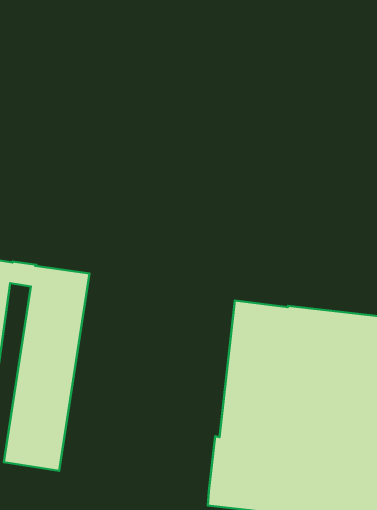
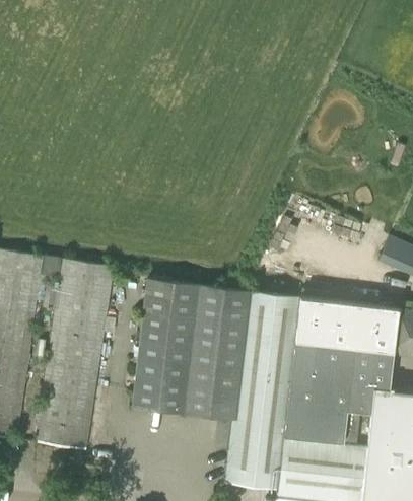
building: none -> [132,281,251,421]

